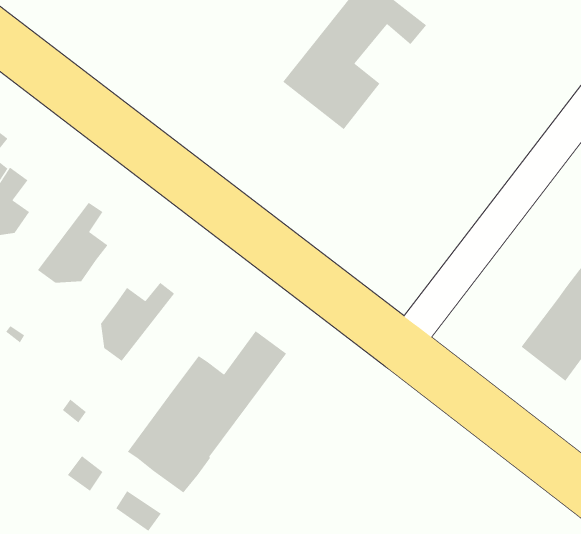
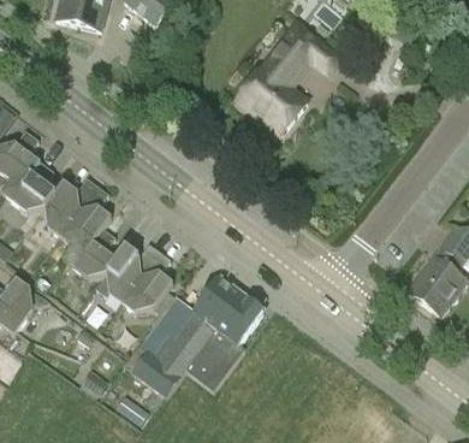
building: none -> [43,177,96,235]
building: none -> [63,228,115,276]
building: none -> [120,252,176,325]
building: none -> [184,295,262,390]

